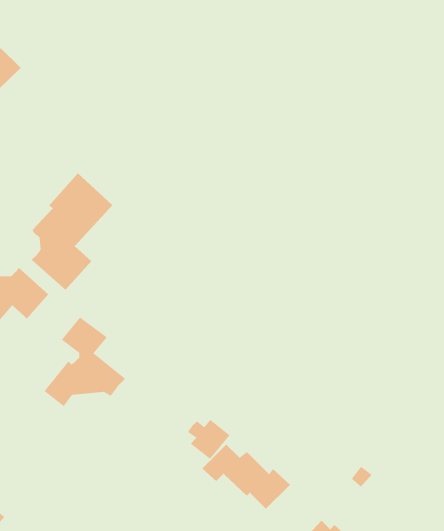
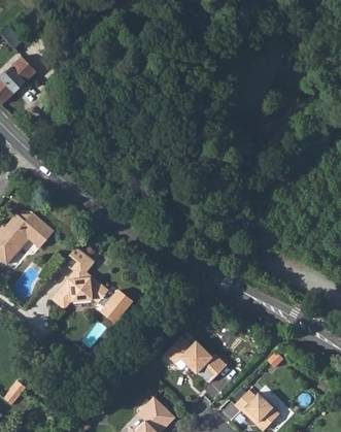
building: [30,172,113,290] -> none
building: [187,419,231,460] -> [103,289,134,318]

